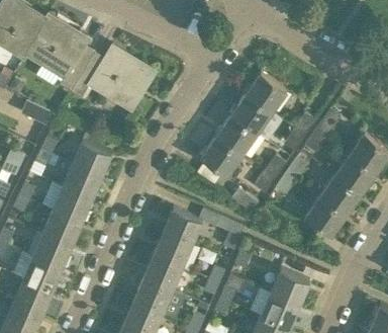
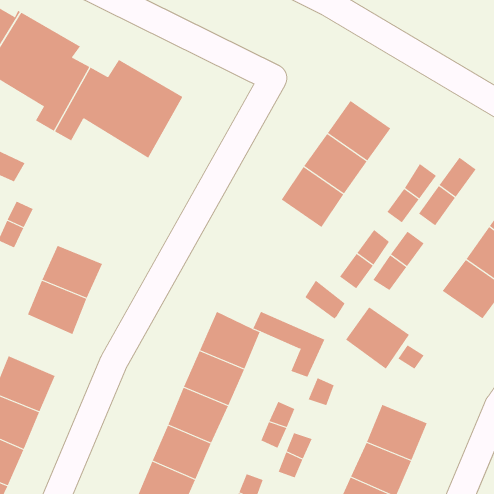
building: [201,136,242,181] -> none
building: [73,140,112,177] -> none
building: [304,194,346,235] -> [345,306,410,370]
building: [41,210,83,249] -> none

